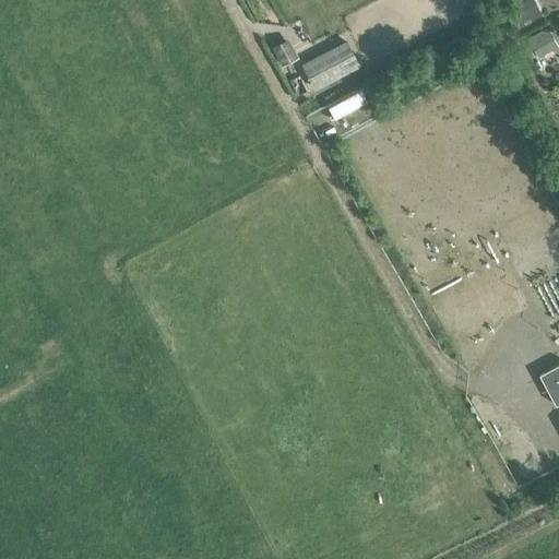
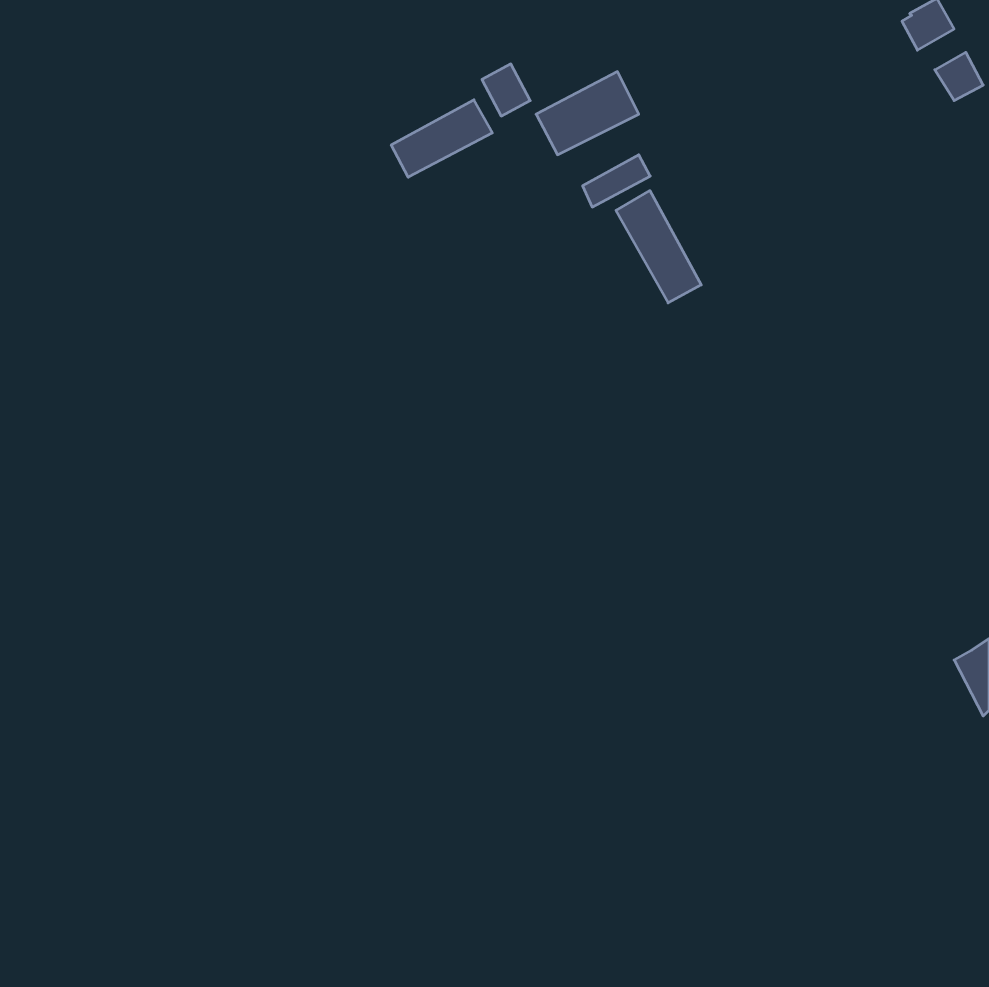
building: none -> [391,100,492,177]
building: none -> [616,191,701,303]

